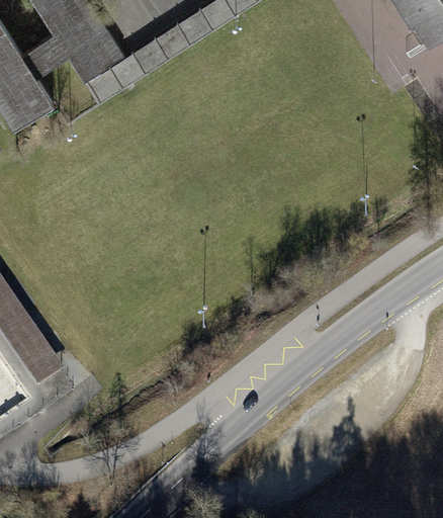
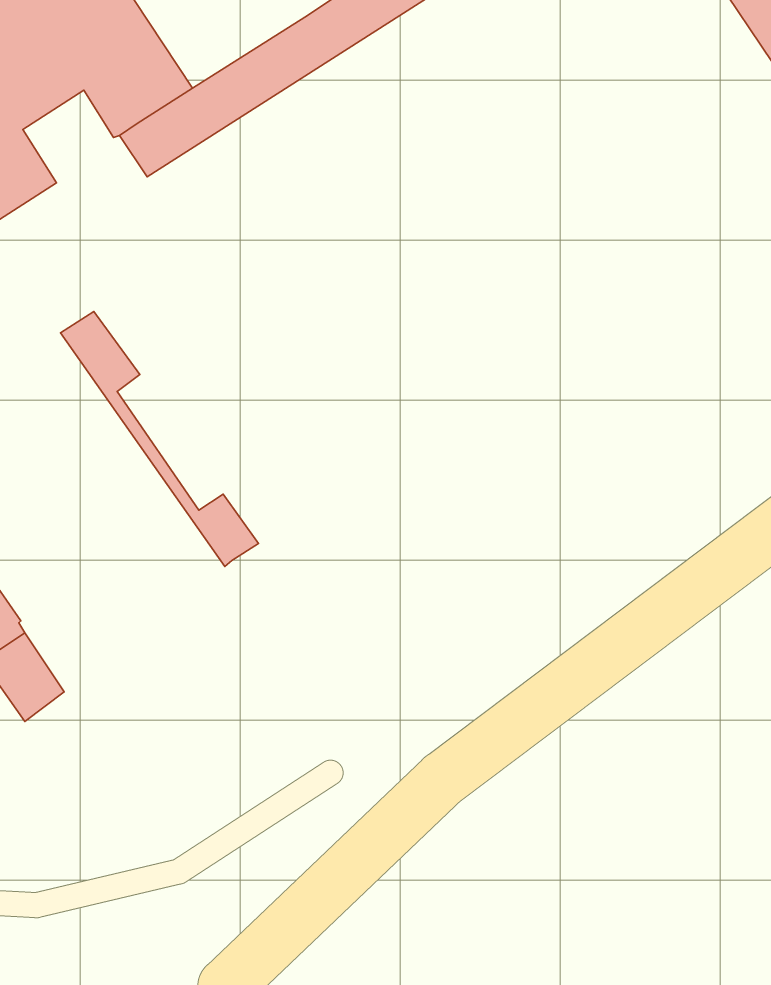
building: none -> [61,312,258,566]

